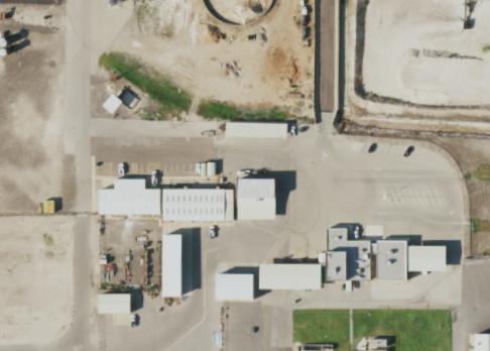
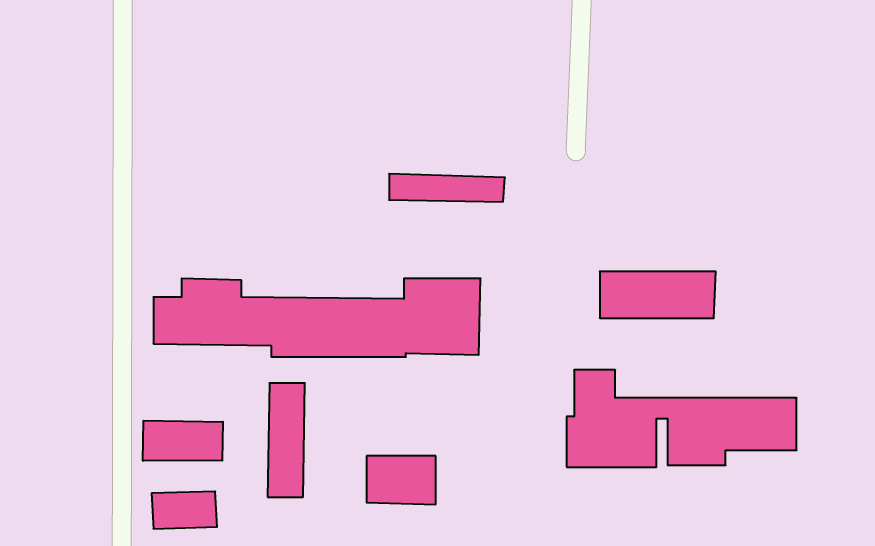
building: none -> [143,421,223,461]
building: [259,264,322,289] -> [600,271,716,318]

